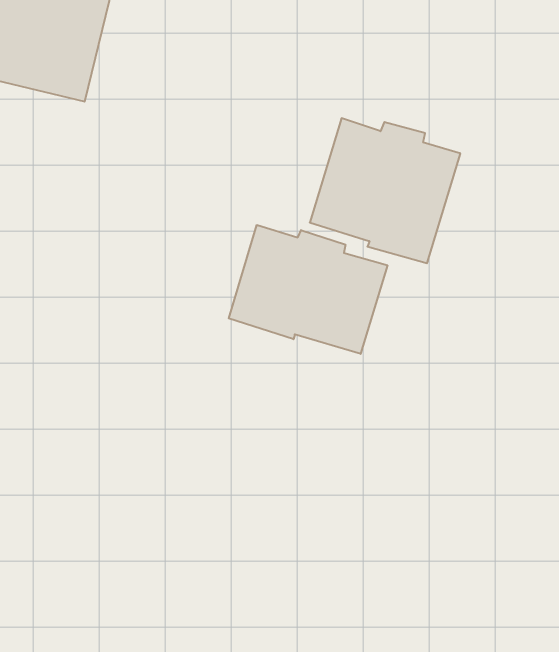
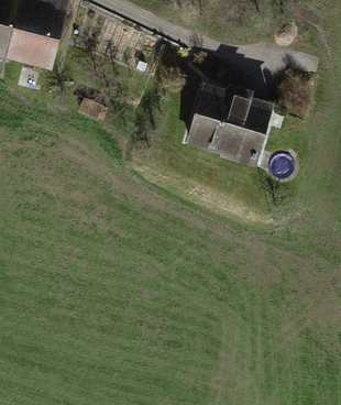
building: [229,225,387,354] -> none

